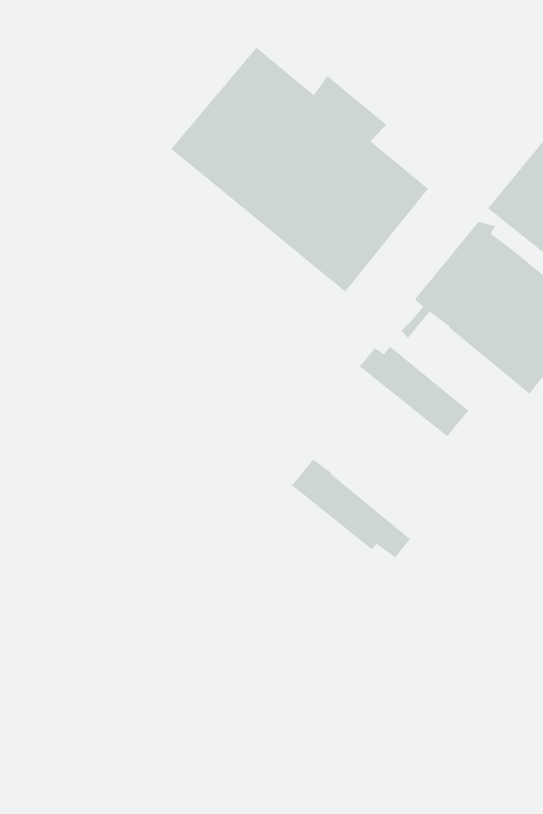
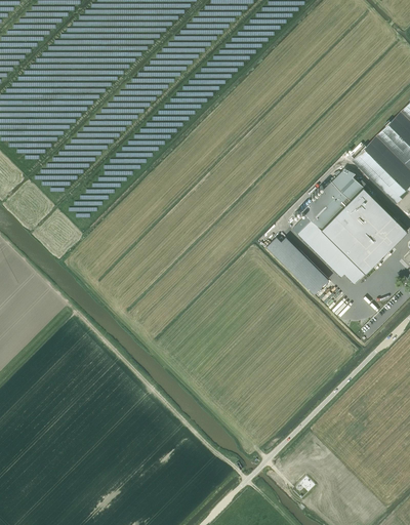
building: [170,47,429,293] -> none
building: [291,459,411,558] -> [296,219,364,283]

